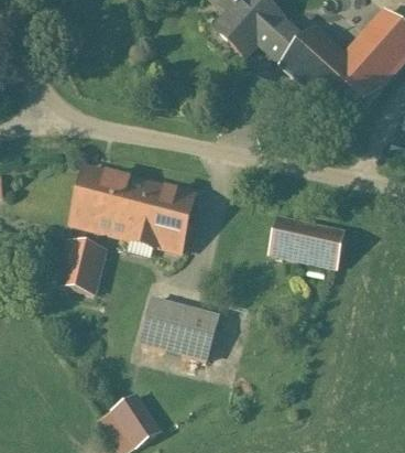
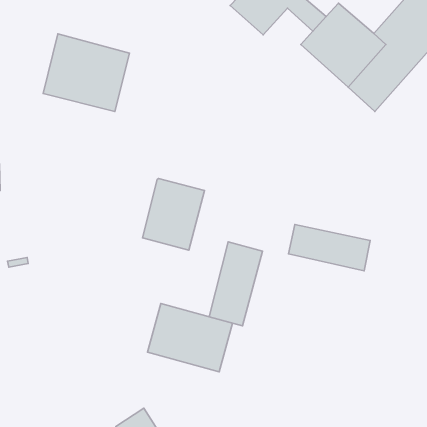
building: [73,166,151,237] -> [43,34,129,112]
building: [58,237,107,292] -> none
building: none -> [209,242,263,326]

